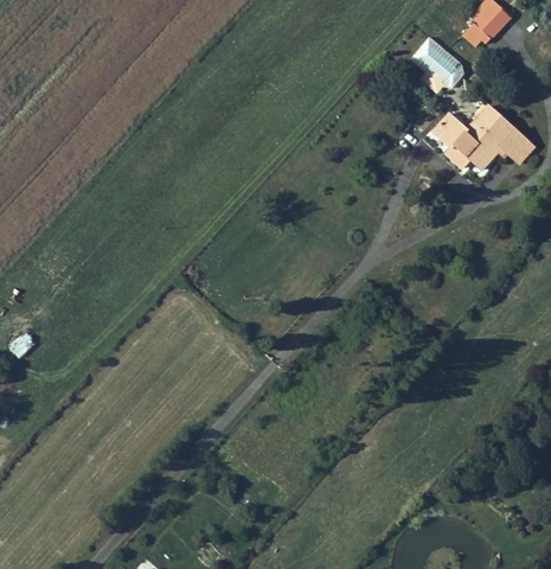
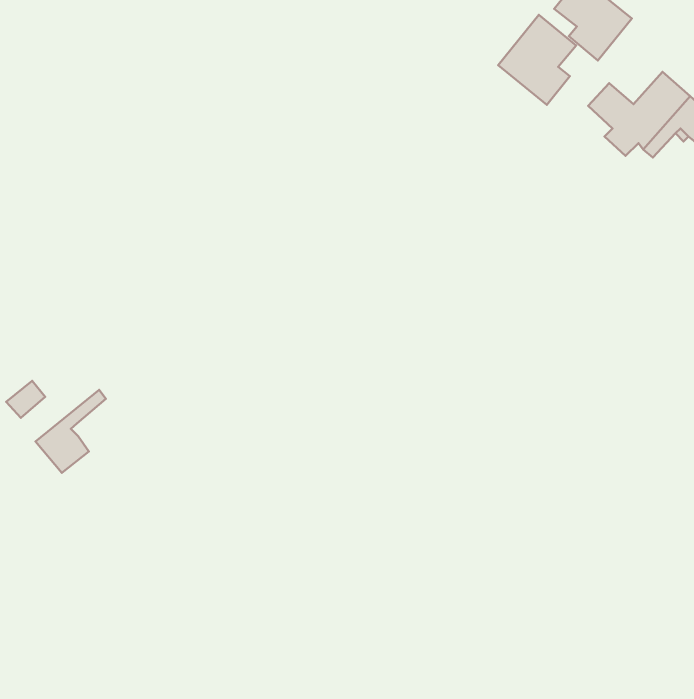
building: none -> [498,15,576,105]
building: none -> [36,390,106,473]

